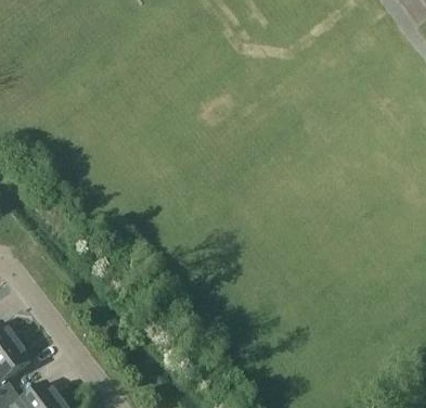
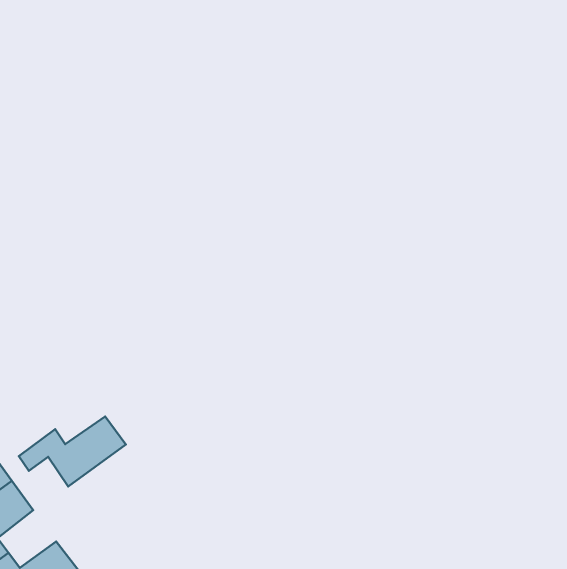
building: none -> [19,416,126,487]

